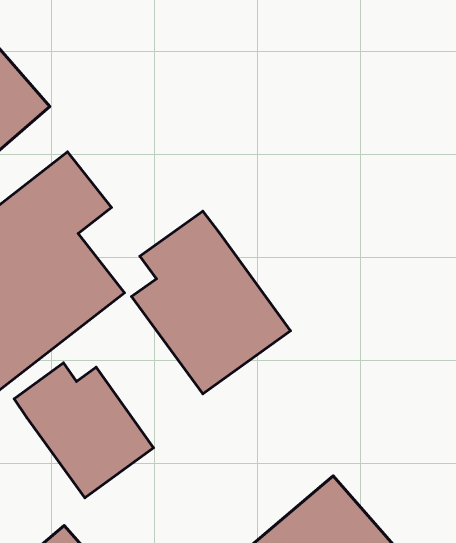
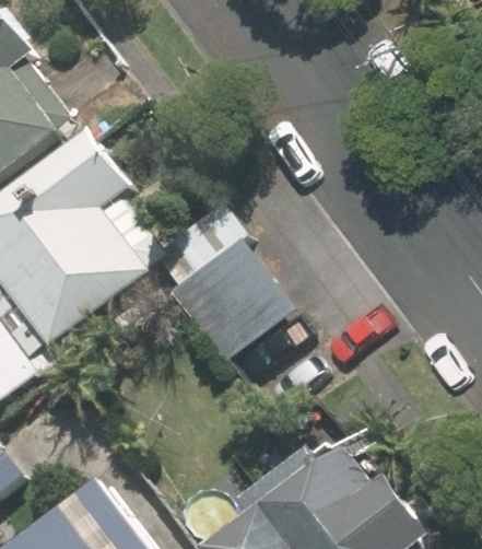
building: [14,363,153,498] -> none

